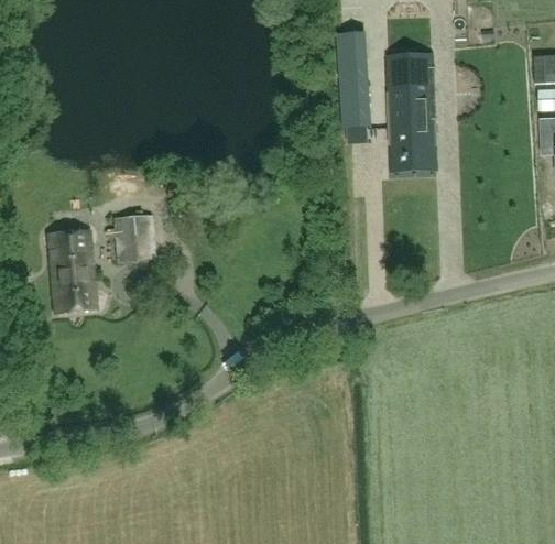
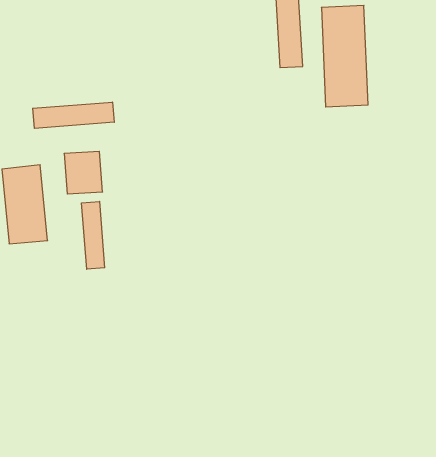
building: none -> [33,102,114,128]
building: none -> [82,201,105,269]

